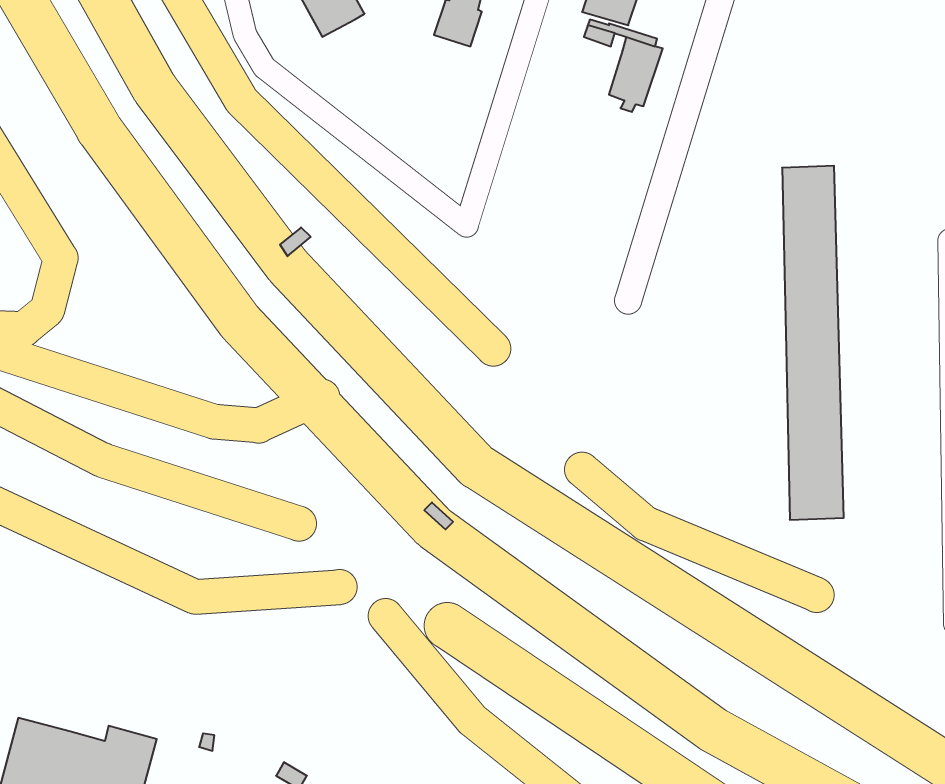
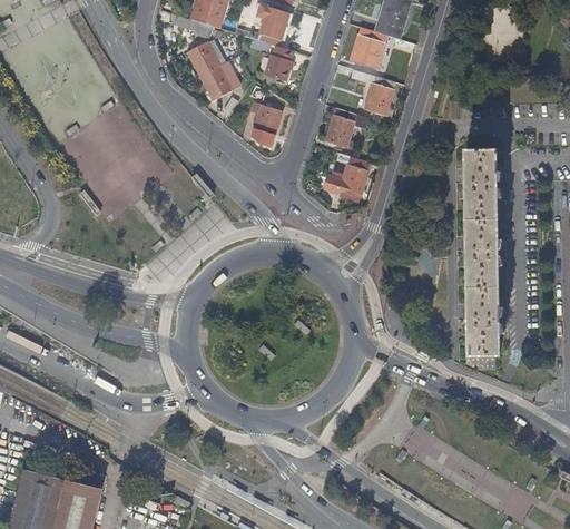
building: none -> [199,66,237,100]
building: none -> [252,104,282,141]
building: none -> [325,108,367,148]
building: none -> [340,156,371,197]

